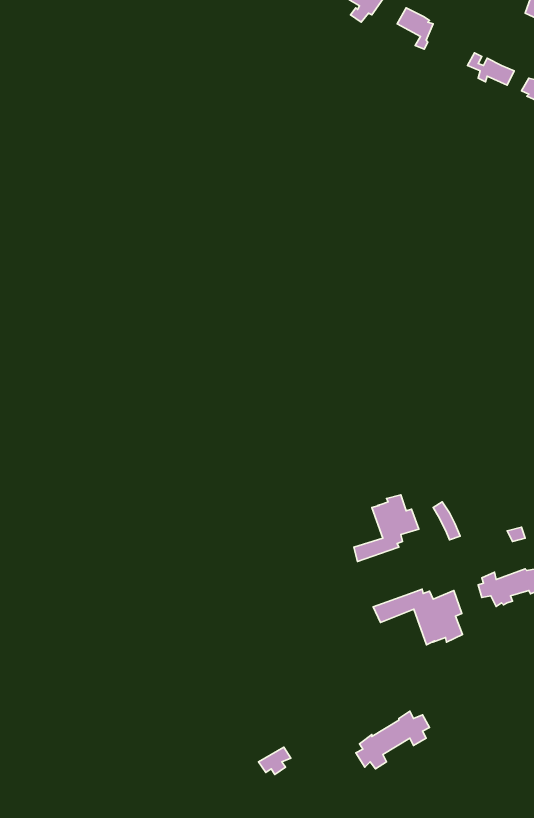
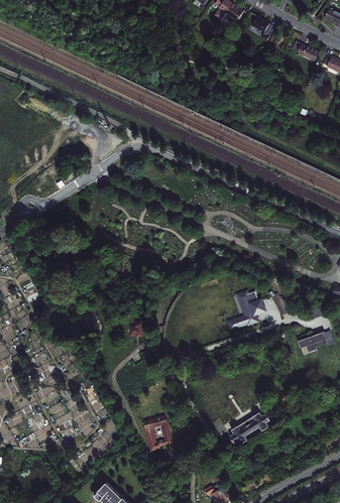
building: [373,589,463,645] -> none
building: none -> [145,412,174,448]

